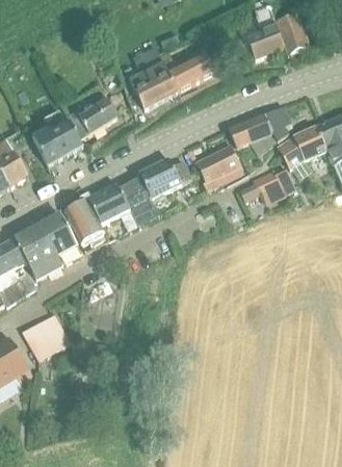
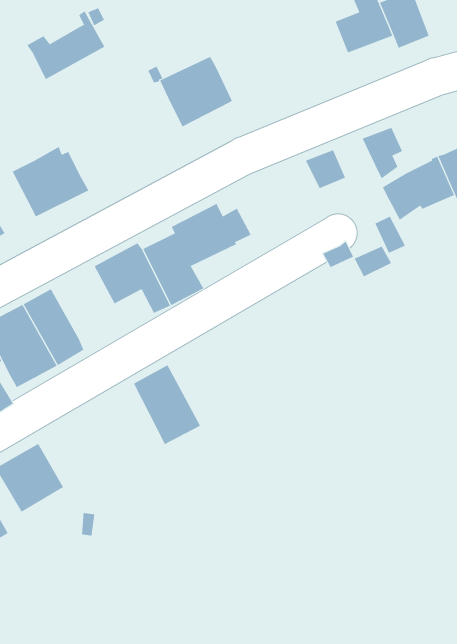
building: [164,53,214,88] -> none
building: [67,93,119,138] -> [26,10,105,80]
building: [245,113,277,151] -> none
building: [195,144,240,189] -> none
building: [64,198,109,251] -> [133,364,201,445]

